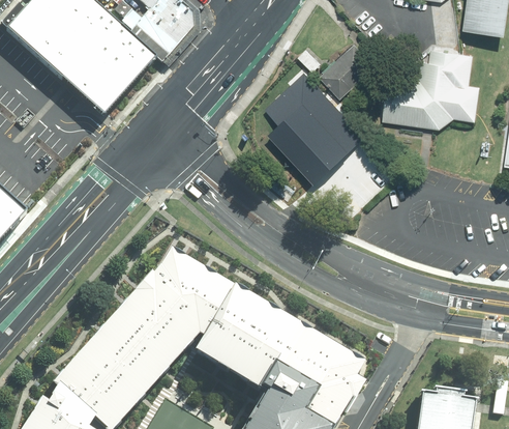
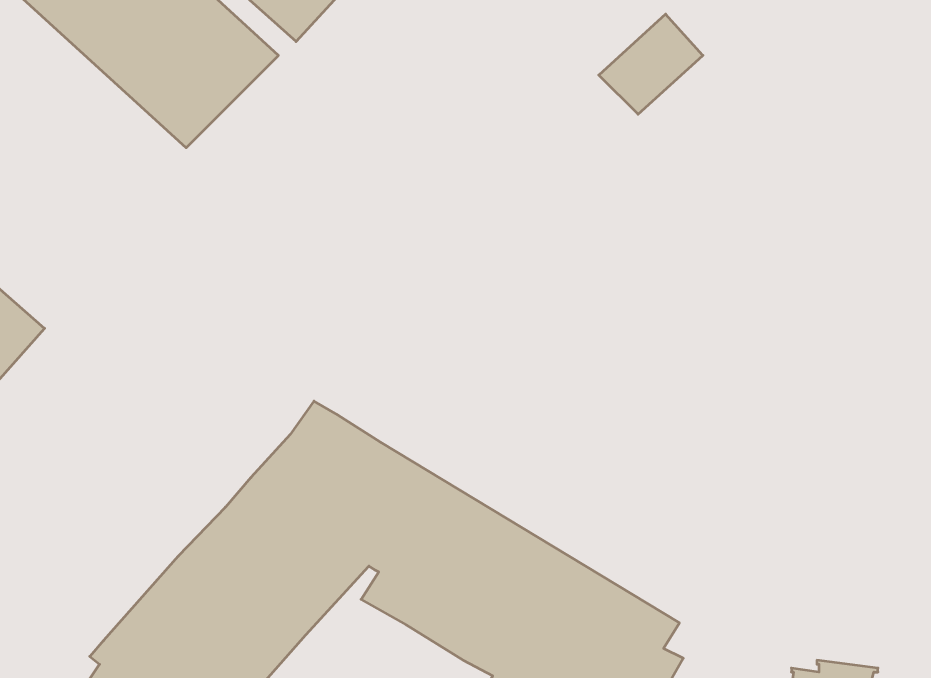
building: [384,47,480,128] -> none
building: [263,73,364,185] -> none

